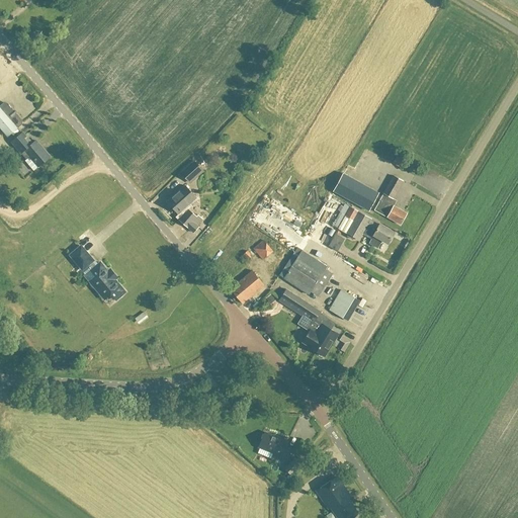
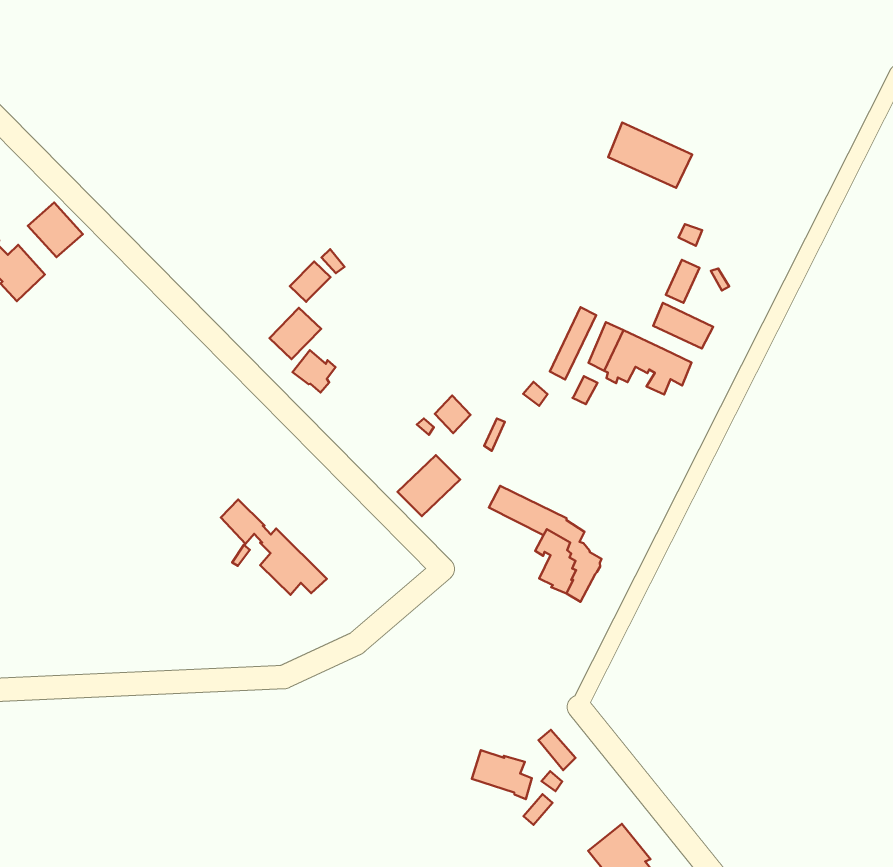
building: none -> [28,203,83,257]
building: [333,173,378,210] -> [608,122,692,188]
building: [70,246,124,299] -> [221,499,327,595]
building: [284,251,332,294] -> none
building: [329,290,359,321] -> none

